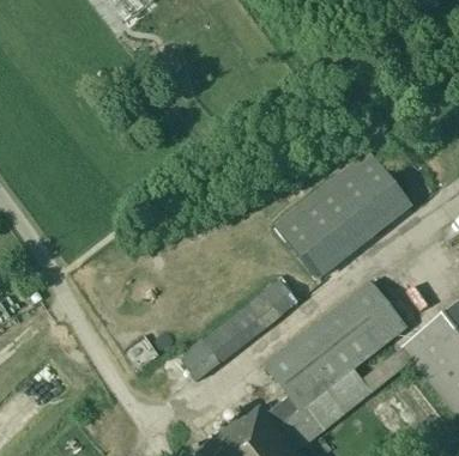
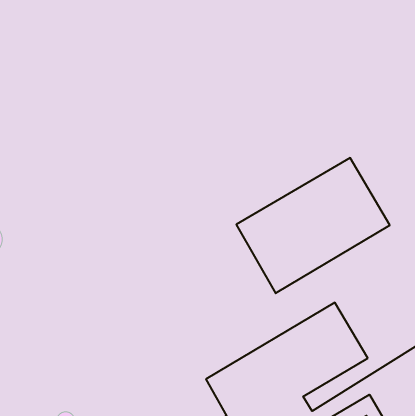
building: [180,278,300,379] -> none

